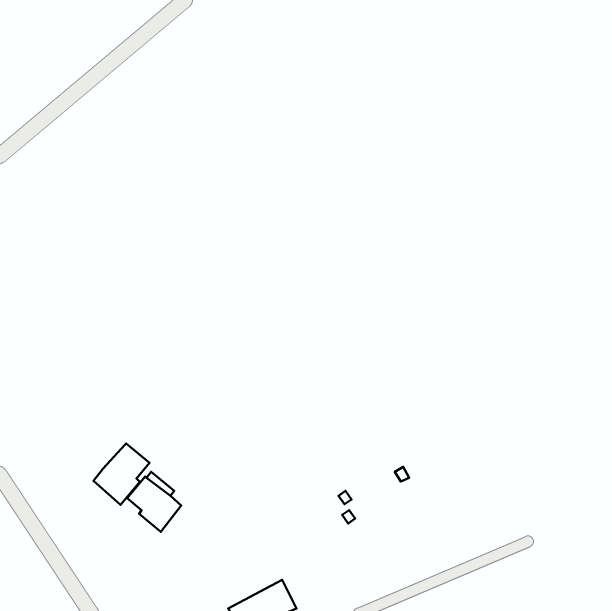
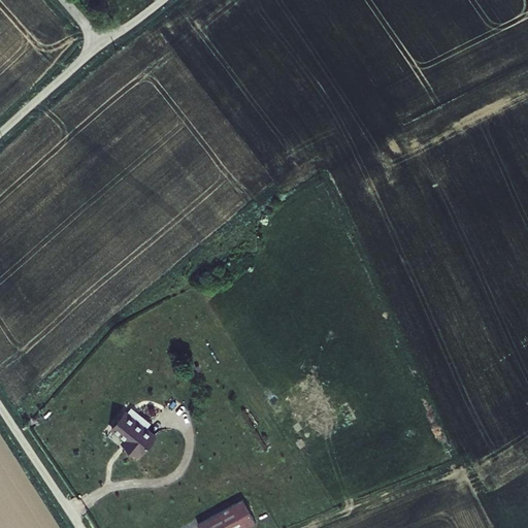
building: [93,443,149,505] -> none

